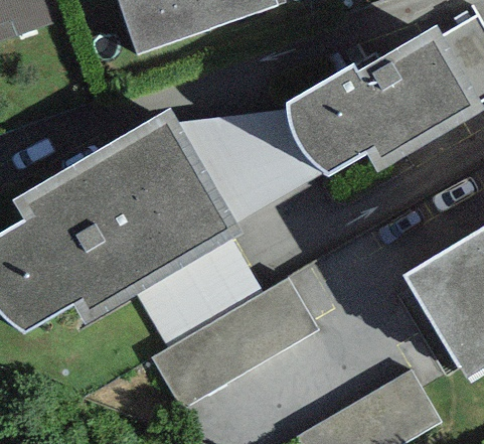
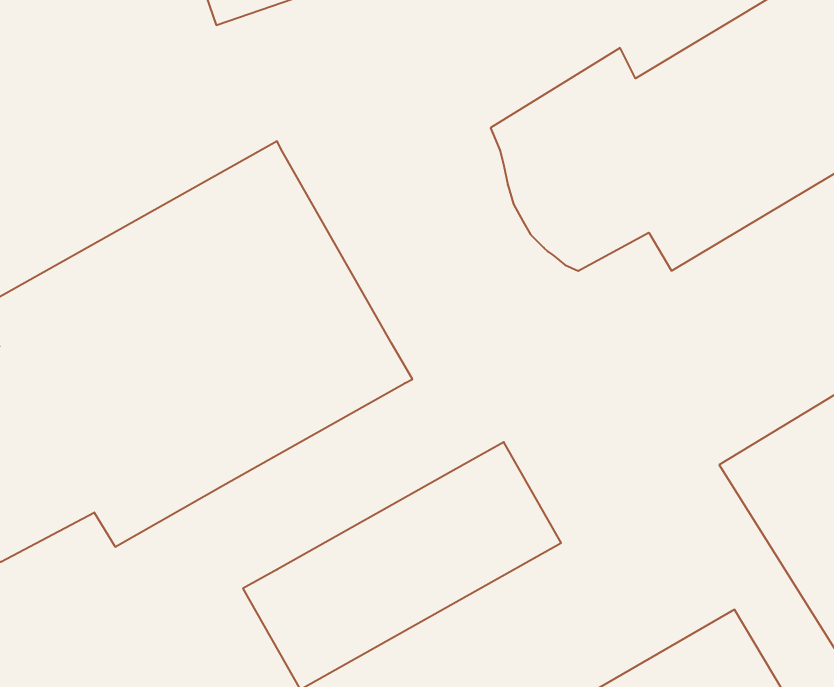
building: [170,104,311,221] -> none
building: [141,243,263,341] -> none

